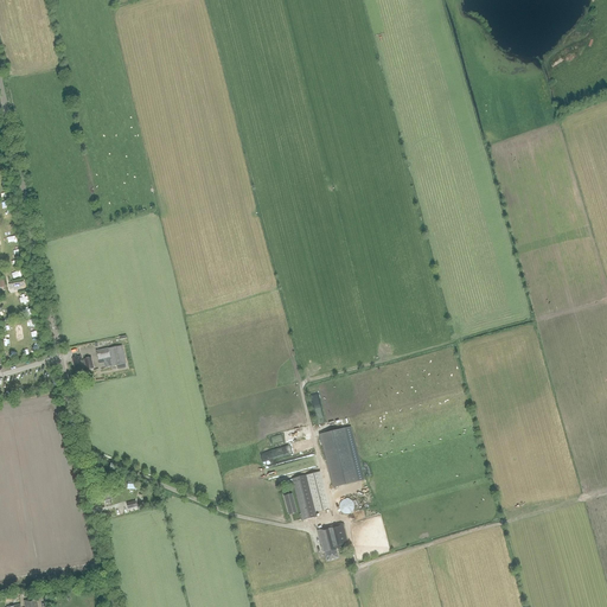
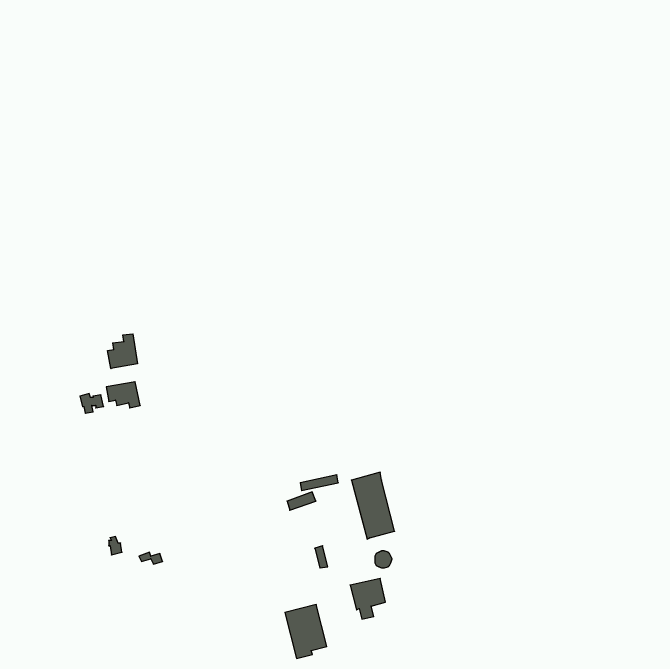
building: none -> [108,334,137,369]
building: [292,471,330,519] -> [285,605,327,658]

